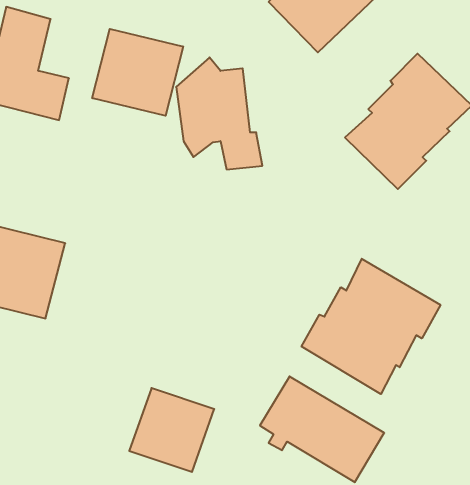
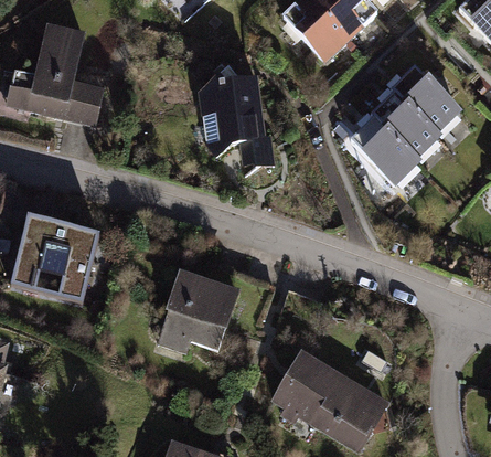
building: [92,29,183,116] -> none
building: [302,259,440,394] -> none
building: [129,388,214,472] -> [160,273,236,348]

